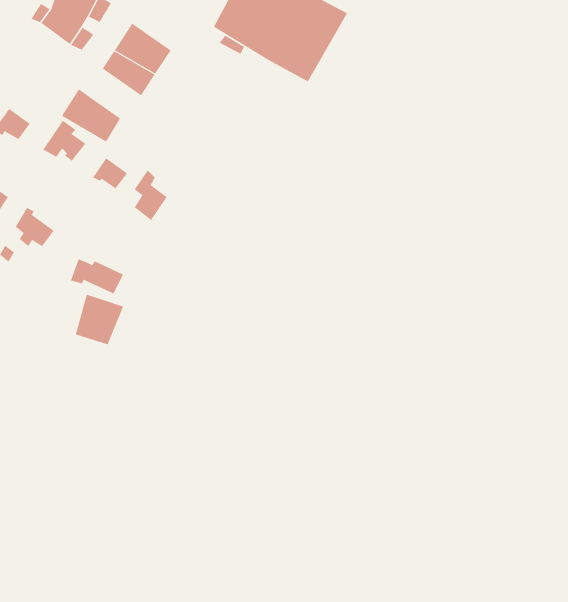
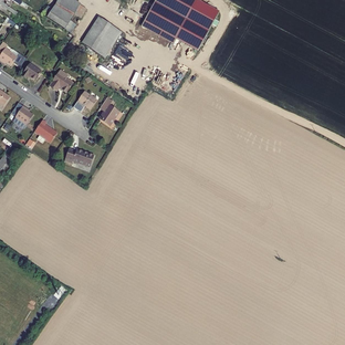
building: [61,89,121,142] -> none
building: [75,294,124,345] -> none

